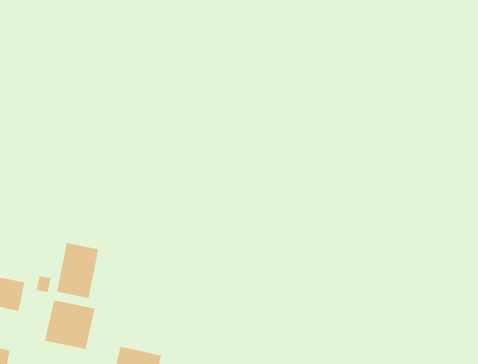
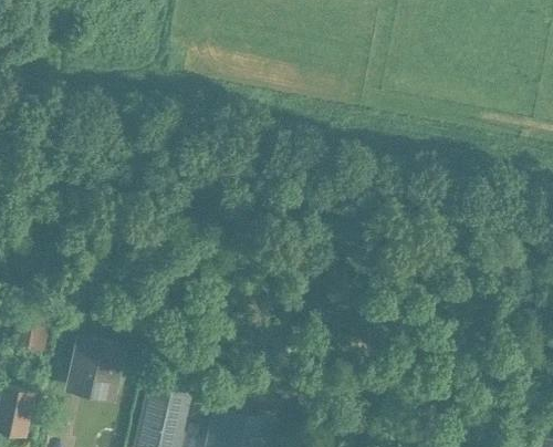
building: [57,242,99,299] -> none

